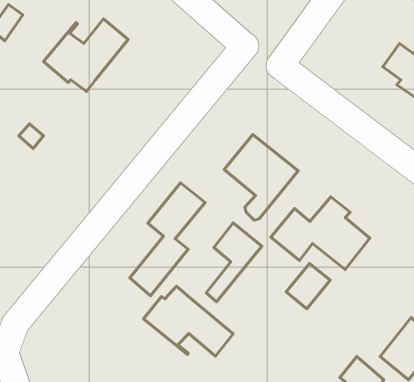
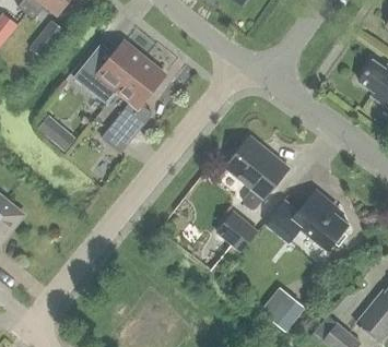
building: [130,183,205,296] -> [103,57,166,152]
building: [286,263,330,309] -> [269,292,306,331]
building: [144,286,233,356] -> none

